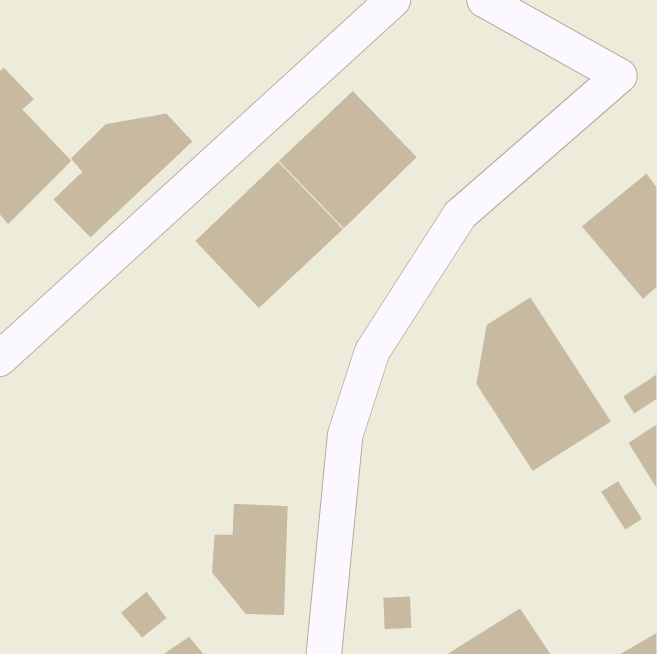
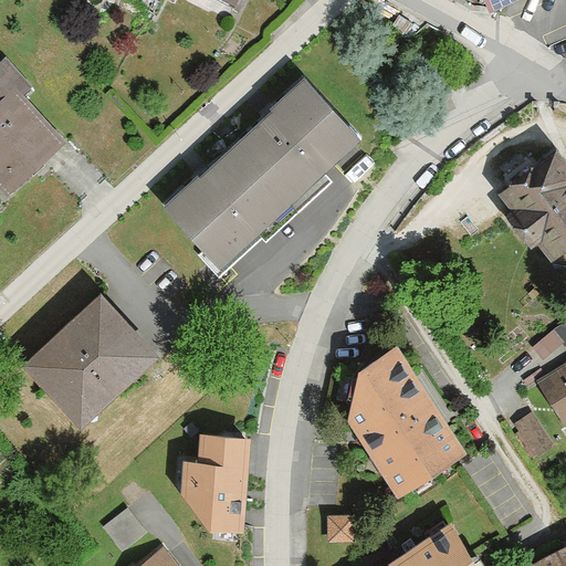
building: [53,113,193,238] -> none
building: [475,297,612,472] -> [348,347,465,497]
building: none -> [24,295,157,427]

